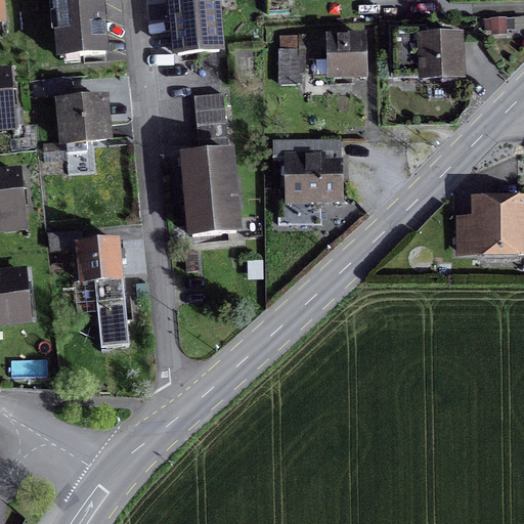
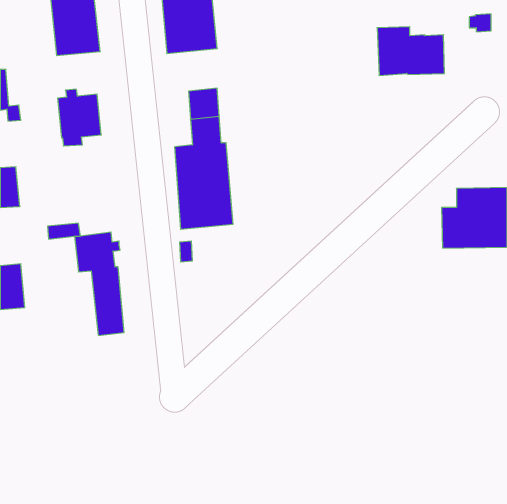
building: [326,30,367,78] -> none
building: [278,33,306,83] -> none
building: [273,137,344,204] -> none

